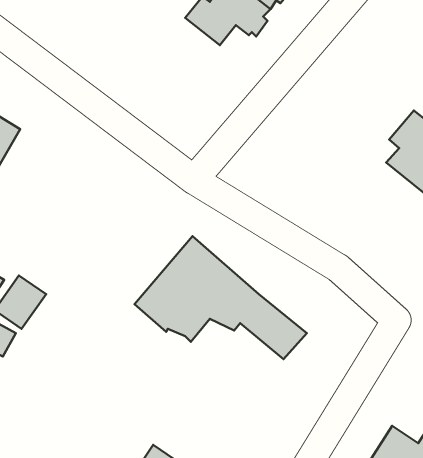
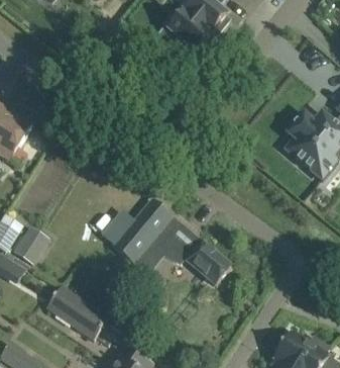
building: none -> [45,284,107,339]

